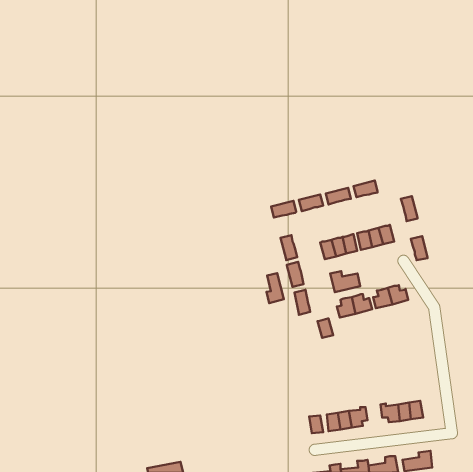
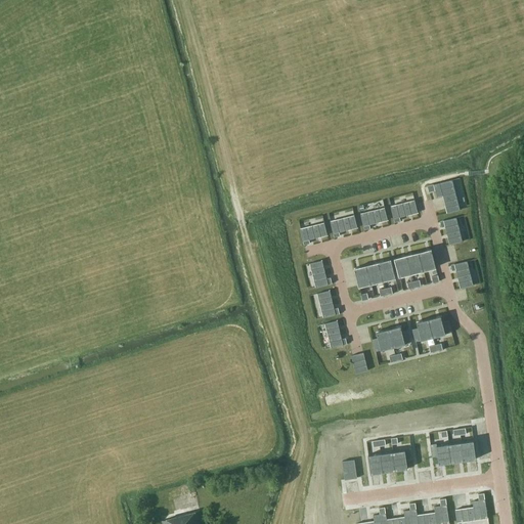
building: none -> [434,181,460,214]
building: [330,271,360,292] -> none
building: [267,273,284,303] -> none

